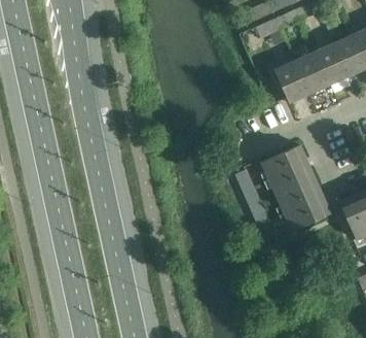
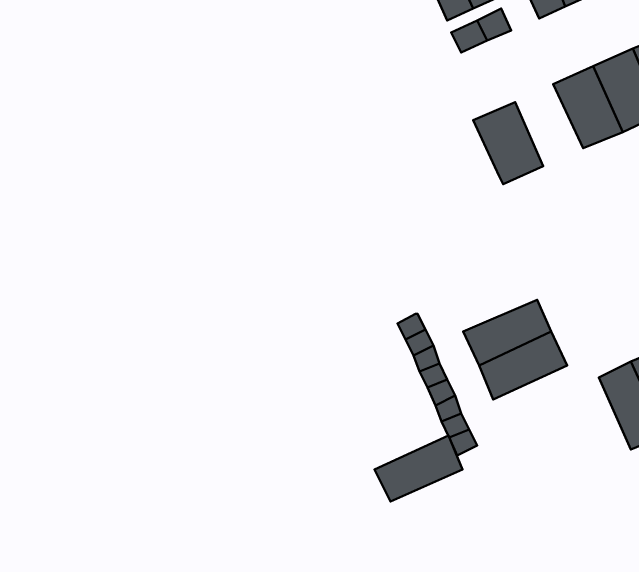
building: [295,52,330,94] -> none
building: [261,145,306,179] -> none
building: [284,197,329,231] -> [375,436,462,501]

